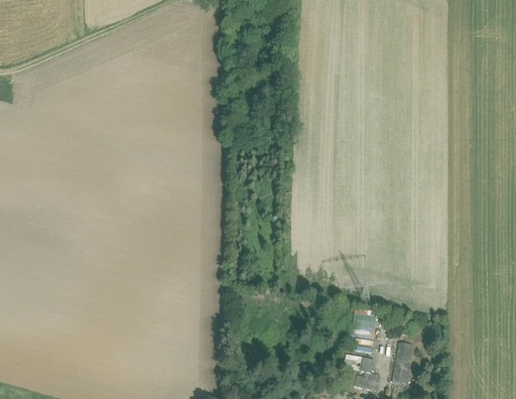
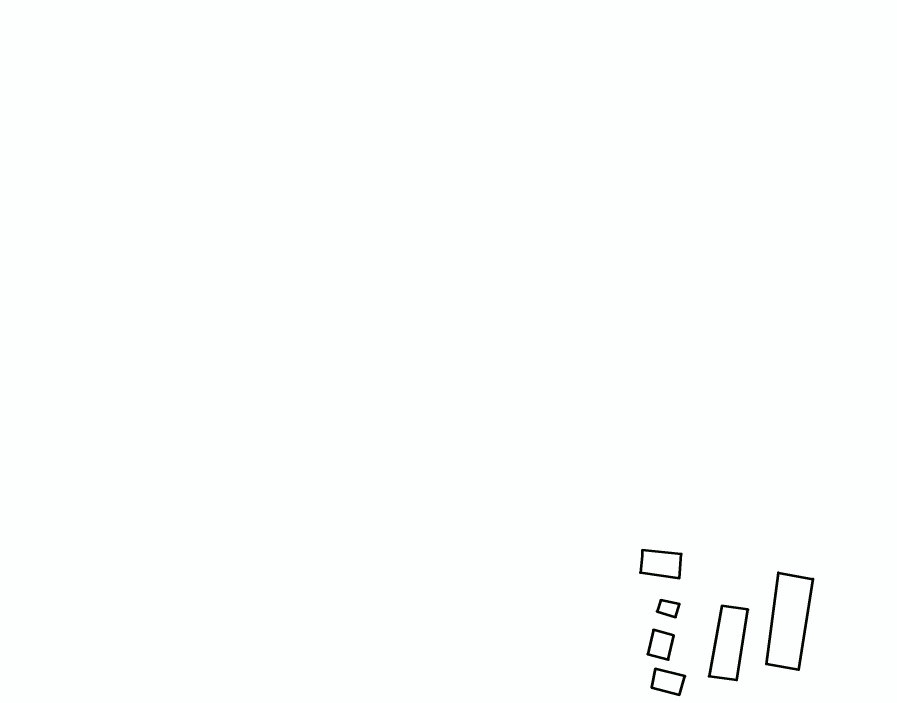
building: none -> [766,573,813,670]

